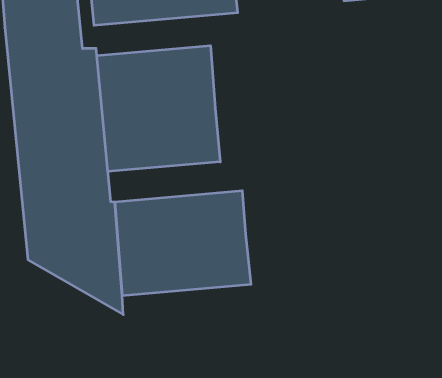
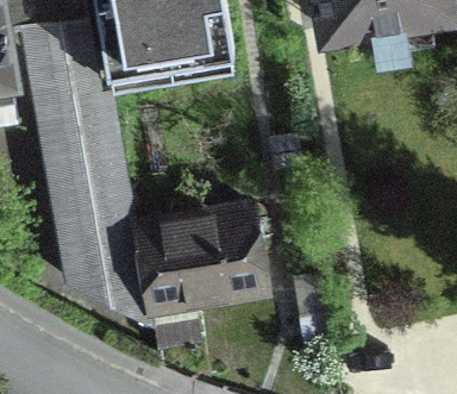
building: [97,46,220,172] -> none

